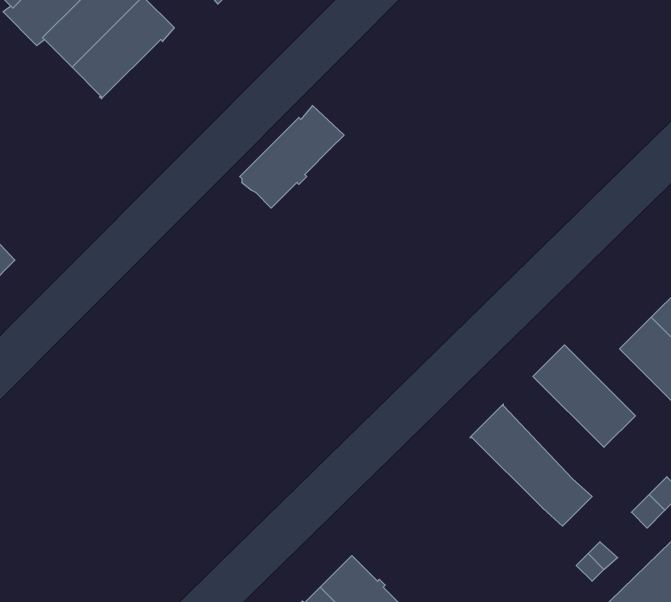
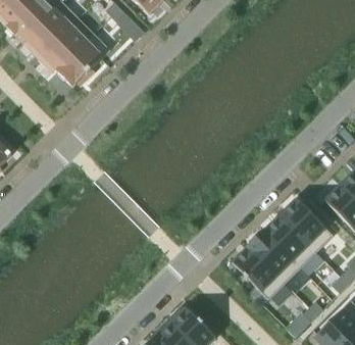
building: [240,106,344,208] -> [56,34,110,87]
building: none -> [264,214,316,267]
building: none -> [232,246,285,299]

